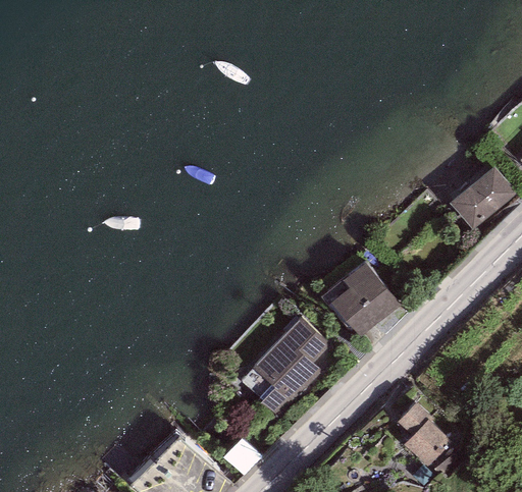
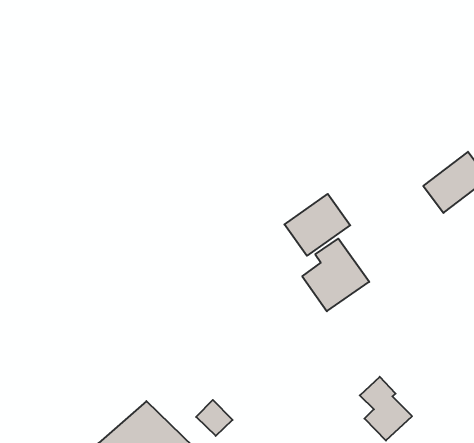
building: none -> [284,194,350,256]
building: [240,316,333,419] -> none

